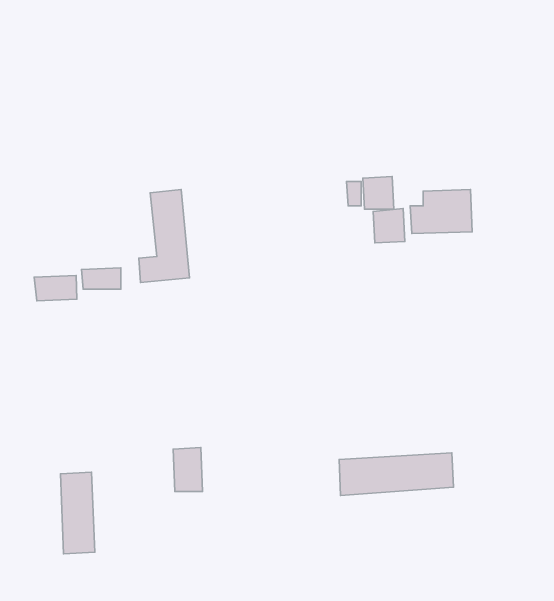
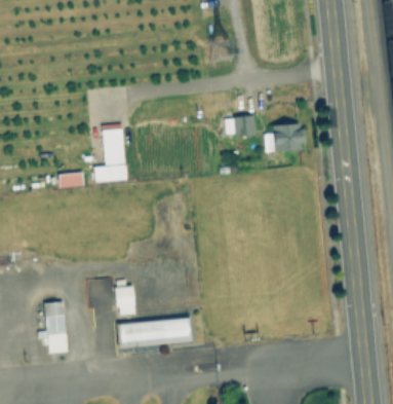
building: [373,208,405,243] -> none
building: [34,275,77,301] -> none
building: [339,453,453,495] -> [118,319,190,345]

